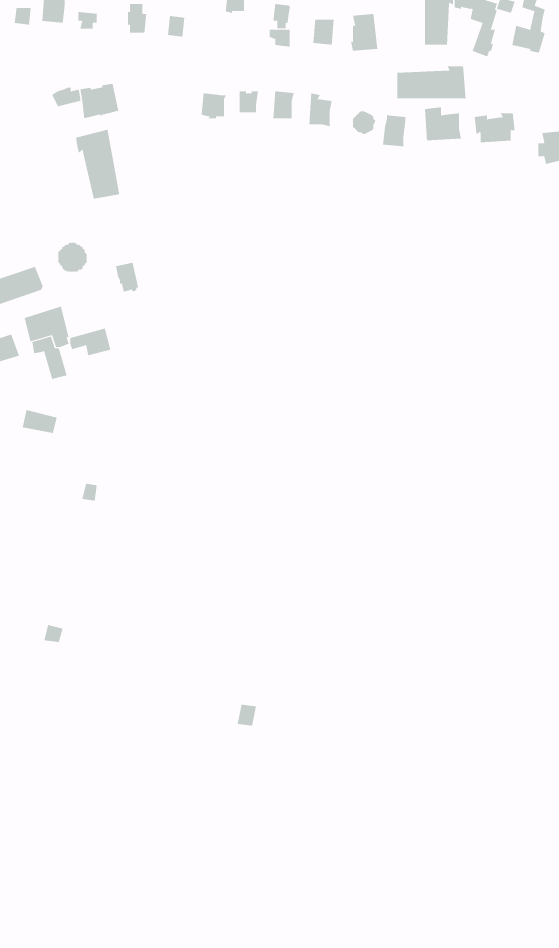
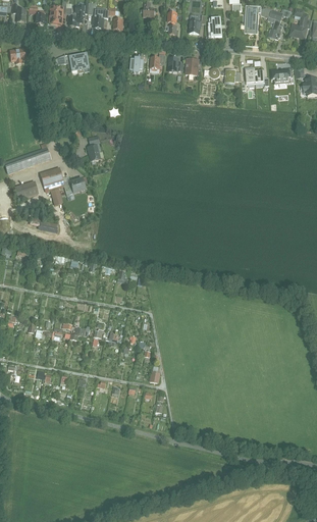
building: [397,65,466,99] -> none
building: [75,129,120,200] -> none

